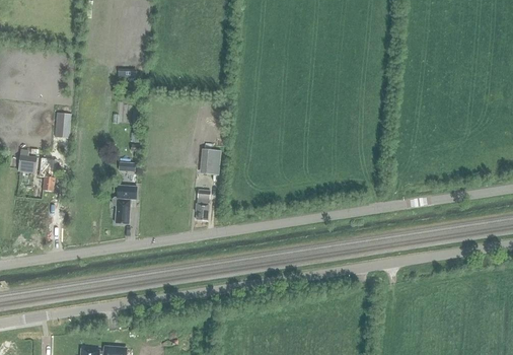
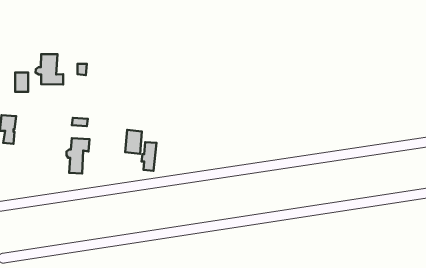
building: none -> [36,54,63,85]
building: [202,148,220,174] -> [125,130,142,154]

